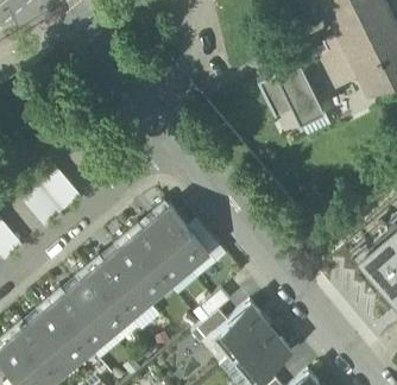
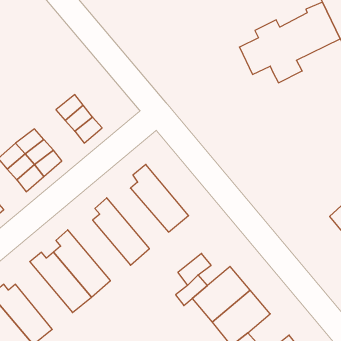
building: [128,226,190,288] -> none
building: [89,258,152,320] -> none
building: [37,301,94,368] -> none

